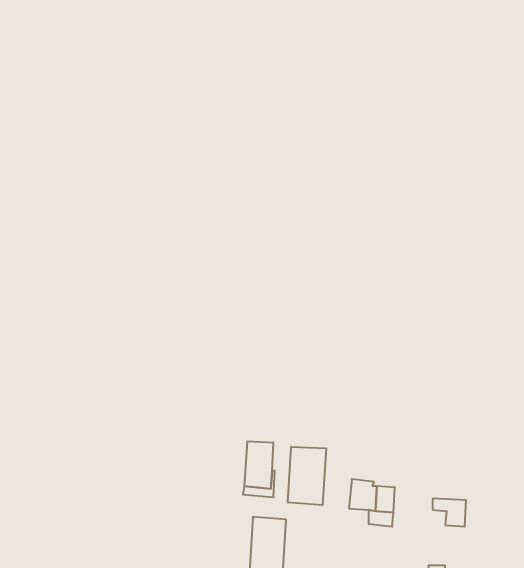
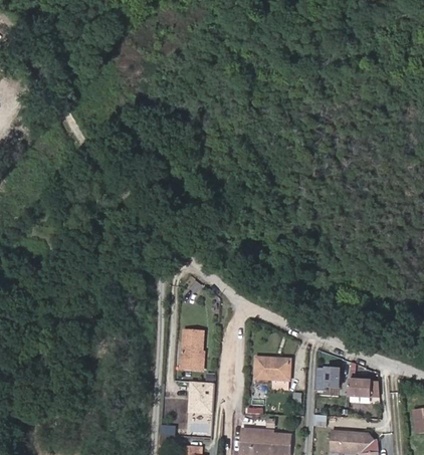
building: [288,447,326,505] -> none
building: none -> [348,380,371,398]

